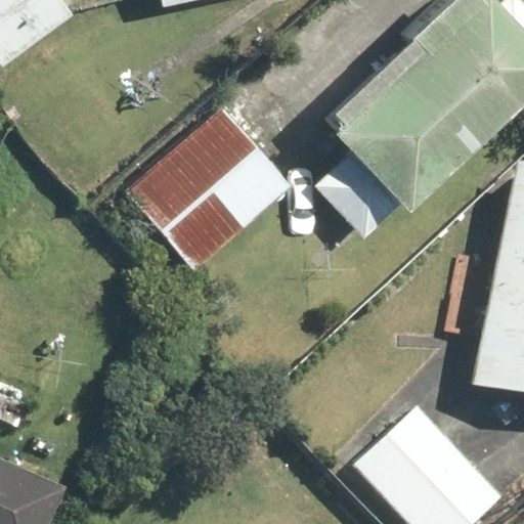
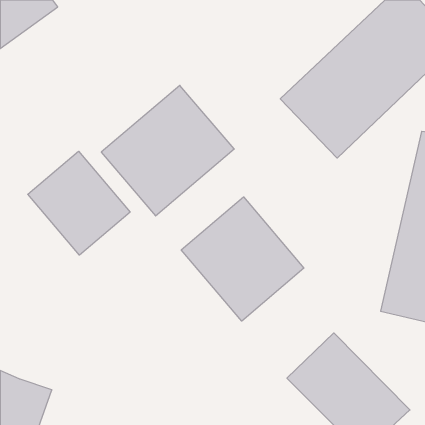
building: none -> [28,151,130,255]
building: none -> [181,197,304,321]

